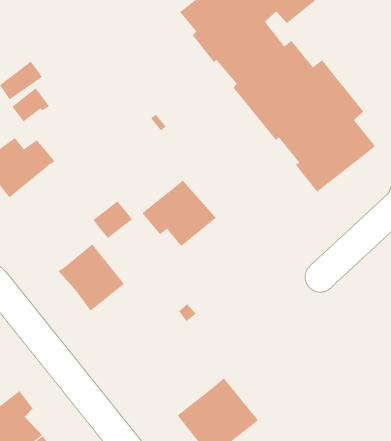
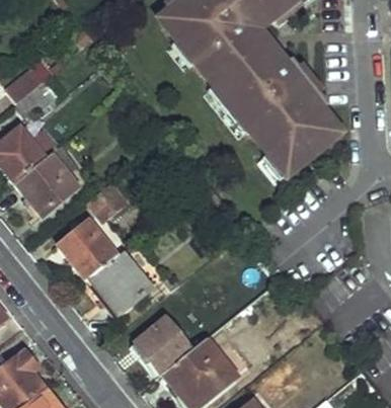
building: none -> [16,152,79,216]
building: [141,180,217,247] -> [87,251,153,310]
building: none -> [136,314,191,373]

